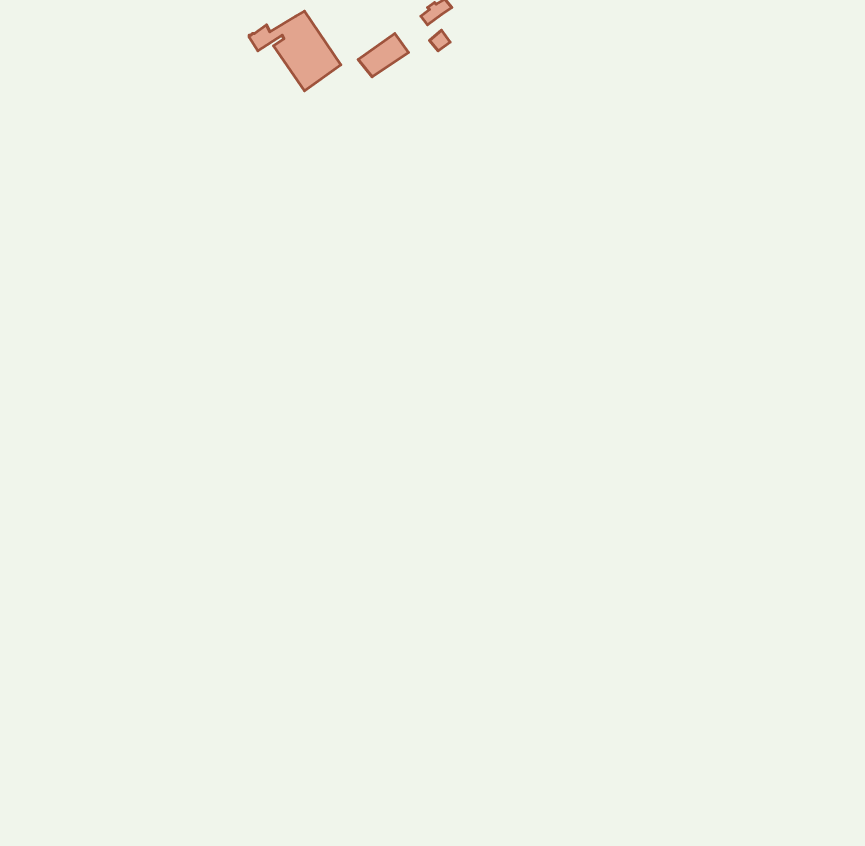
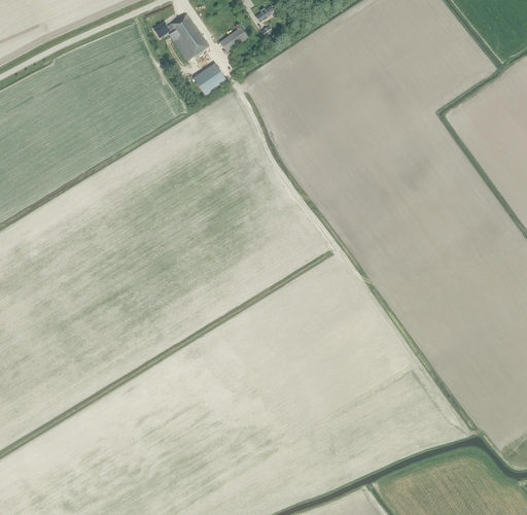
building: none -> [192,62,226,95]

